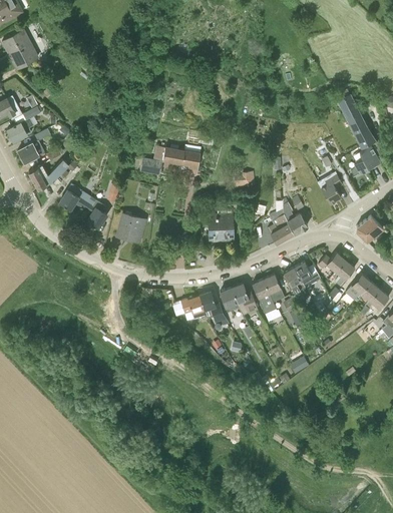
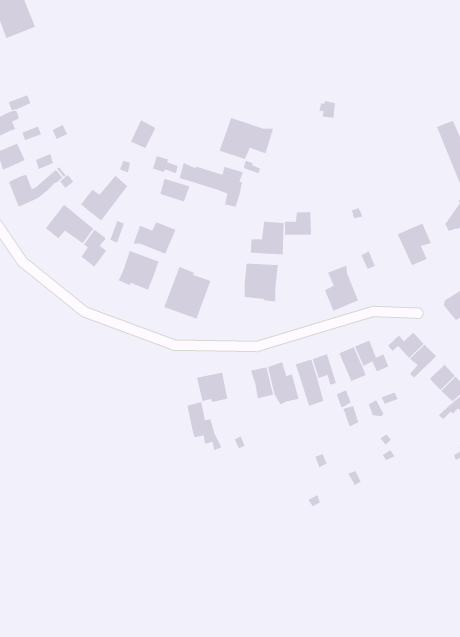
building: none -> [219,117,274,160]
building: none -> [80,175,128,221]
building: none -> [250,221,284,255]
building: none -> [133,221,176,255]
building: [282,198,307,233] -> none
building: none -> [164,266,211,320]
building: [200,292,229,327] -> [186,402,222,451]

